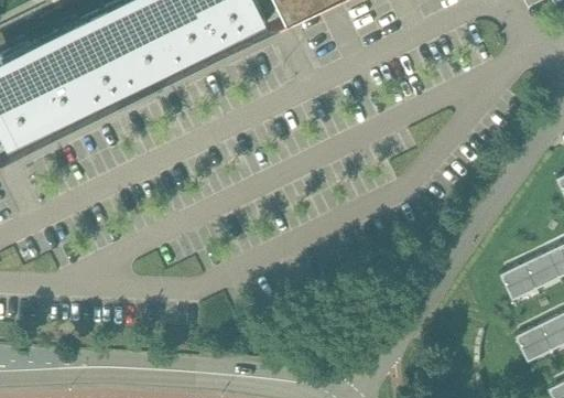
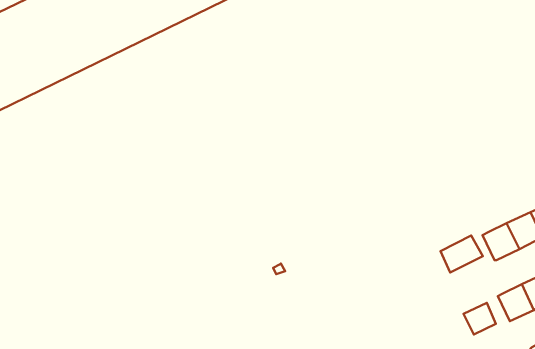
building: none -> [440,235,483,272]
building: none -> [463,303,496,334]

